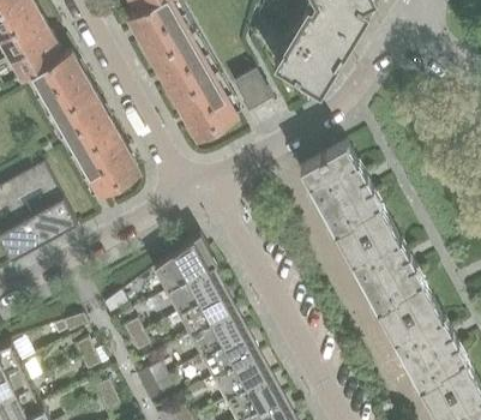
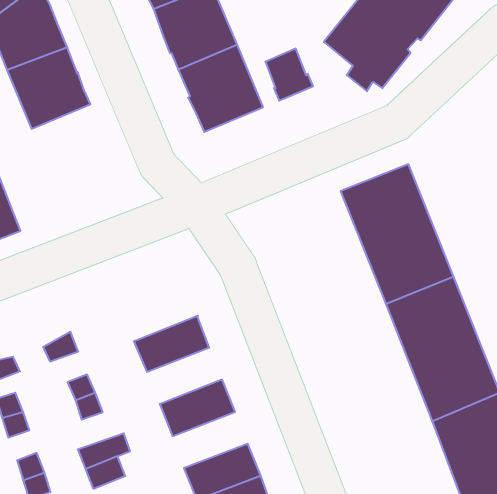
building: [76,131,140,197] -> none
building: [154,236,217,295] -> none
building: [179,293,233,337] -> none
building: [203,336,257,380] -> none

